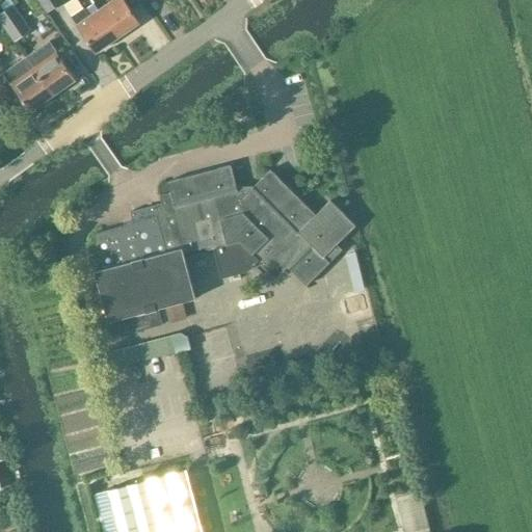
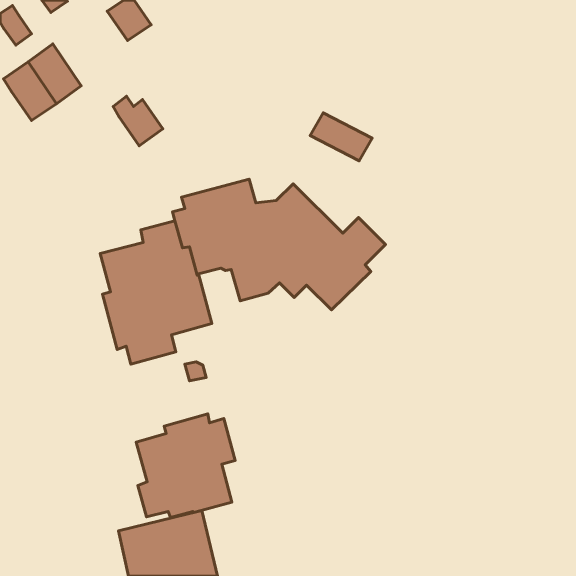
building: [72,7,117,53] -> [113,96,163,146]
building: none -> [310,113,372,161]
building: none -> [136,414,235,517]

